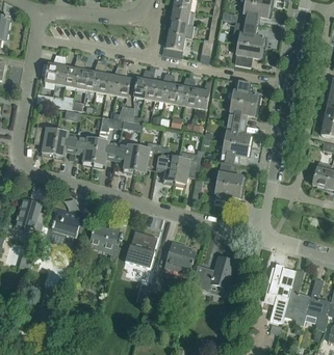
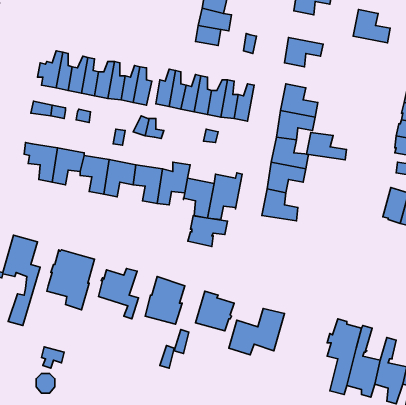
building: [238,23,267,49] -> [353,9,390,43]
building: none -> [306,132,346,160]
building: [213,183,245,207] -> [188,216,228,246]

